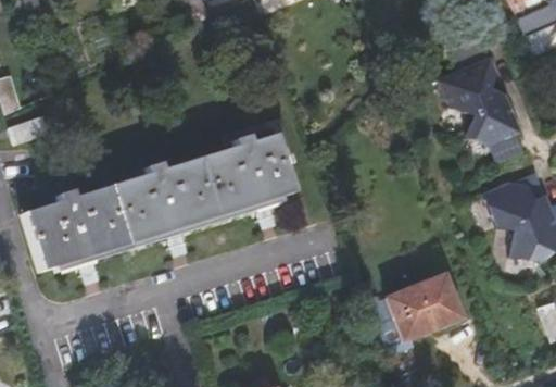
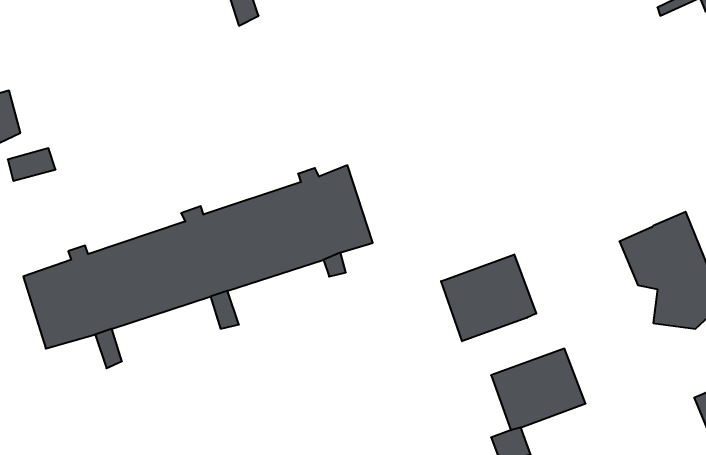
building: [437,57,519,143] -> none
building: none -> [441,254,536,341]

